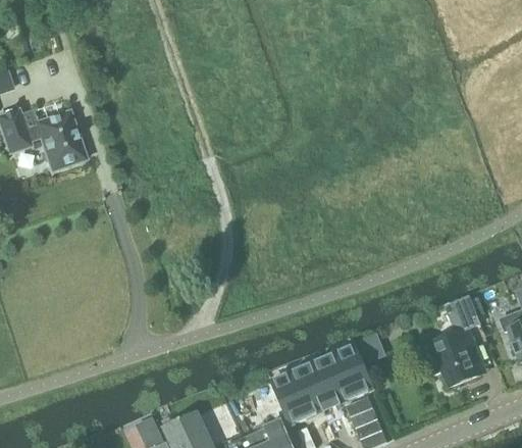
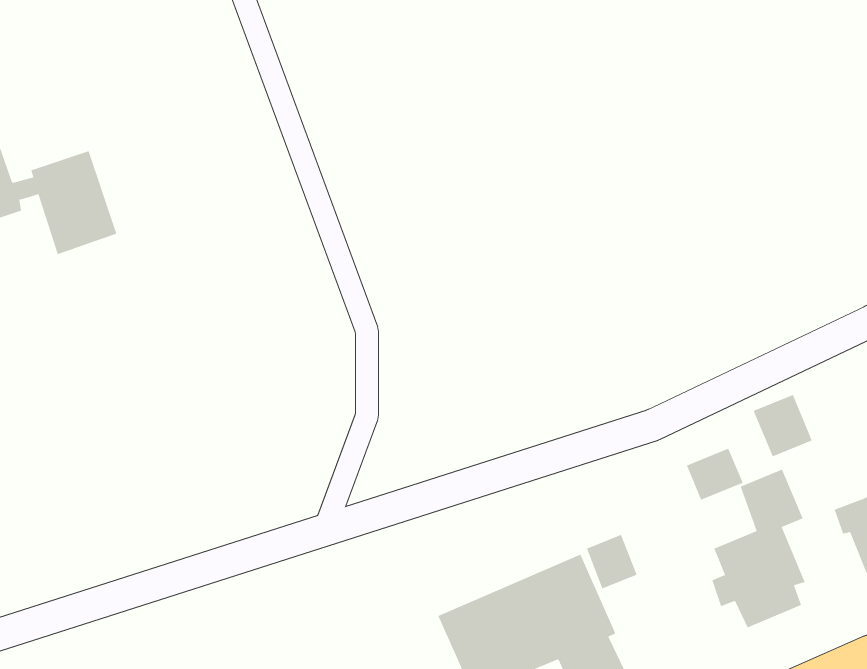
building: none -> [753,394,813,457]
building: none -> [686,448,743,501]

